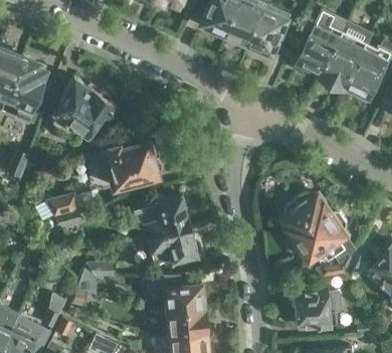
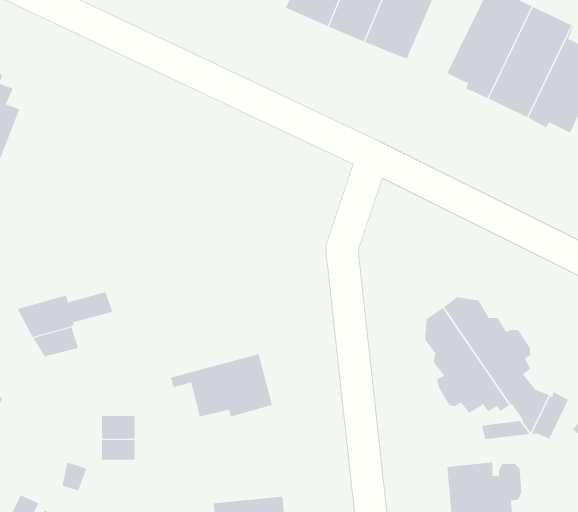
building: [52,77,115,141] -> none
building: [86,143,163,188] -> none
building: [134,195,188,240] -> none
building: [159,285,202,314] -> none

